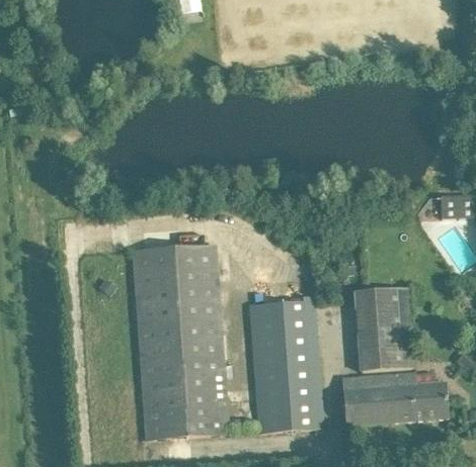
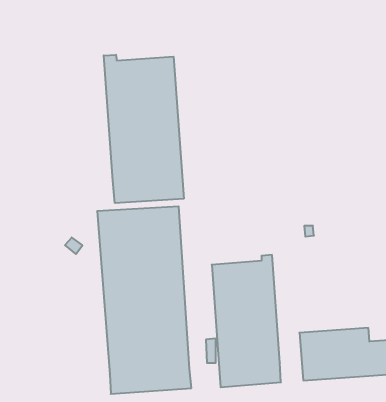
building: none -> [104,55,184,203]
building: [355,286,414,370] -> none

